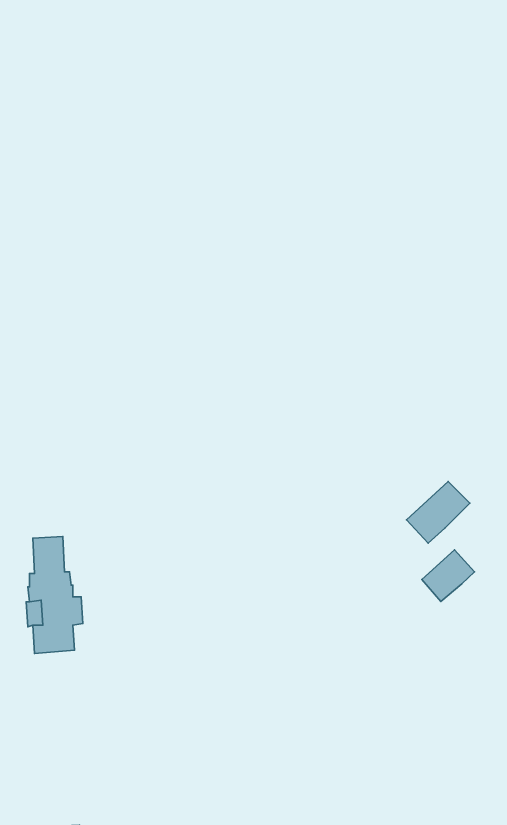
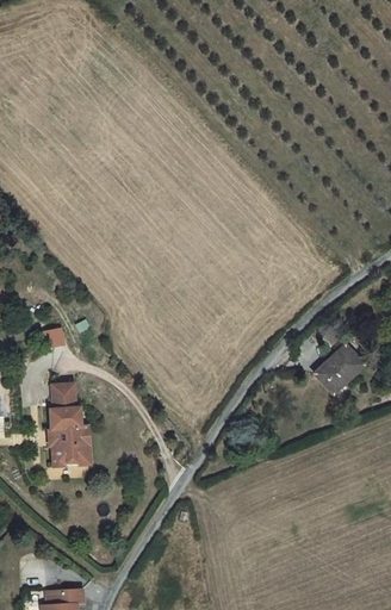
building: [422,550,475,601] -> none

